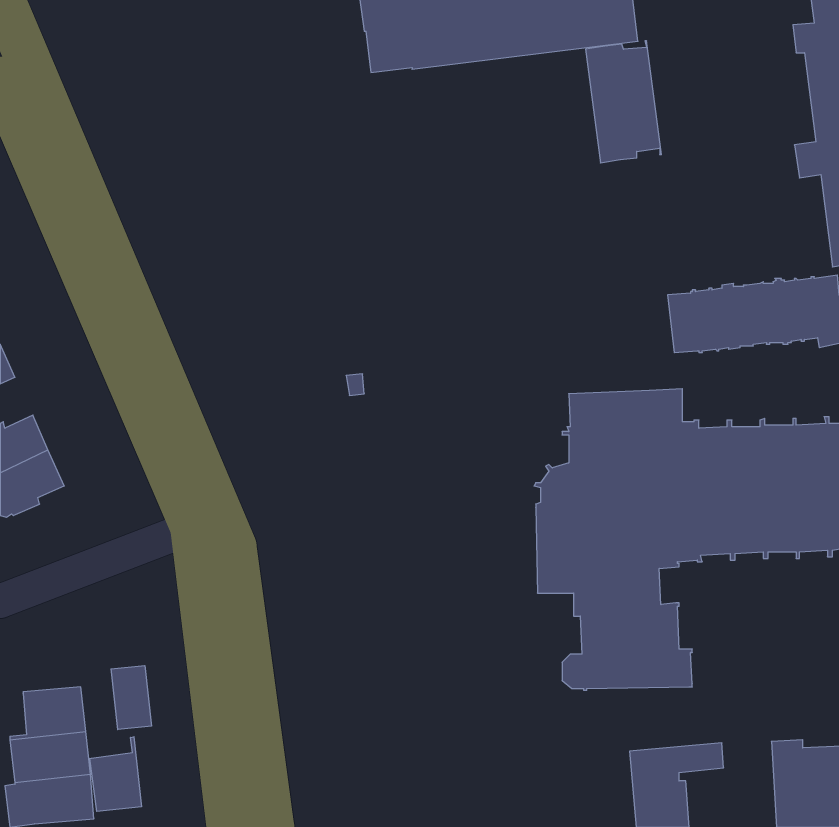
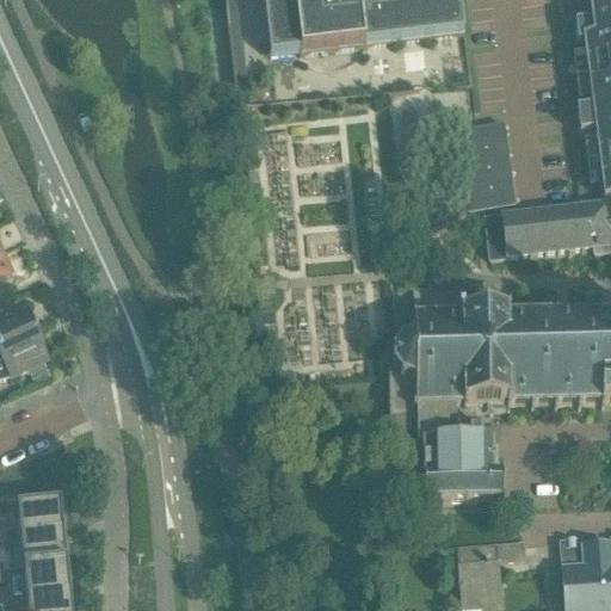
building: [586,41,661,163] -> [461,119,516,208]
building: [111,666,151,730] -> none
building: [90,737,141,811] -> none

